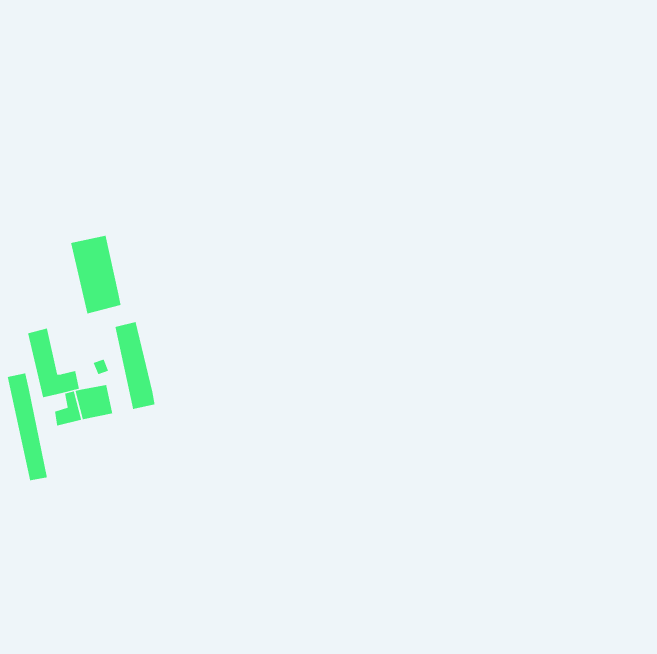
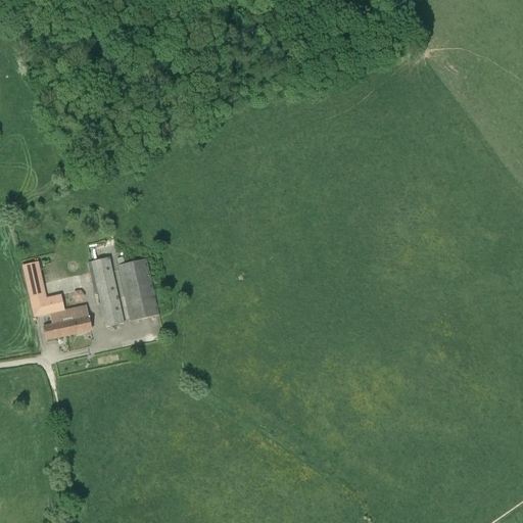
building: [70,235,122,315] -> [117,257,158,321]
building: [7,372,48,481] -> none

